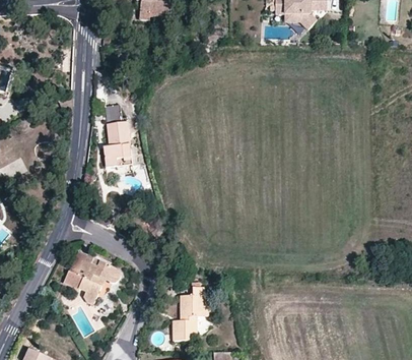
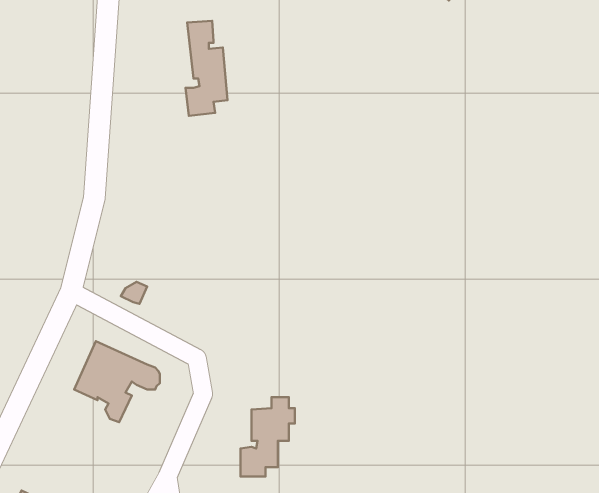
building: [104,104,131,166] -> [186,21,228,116]

